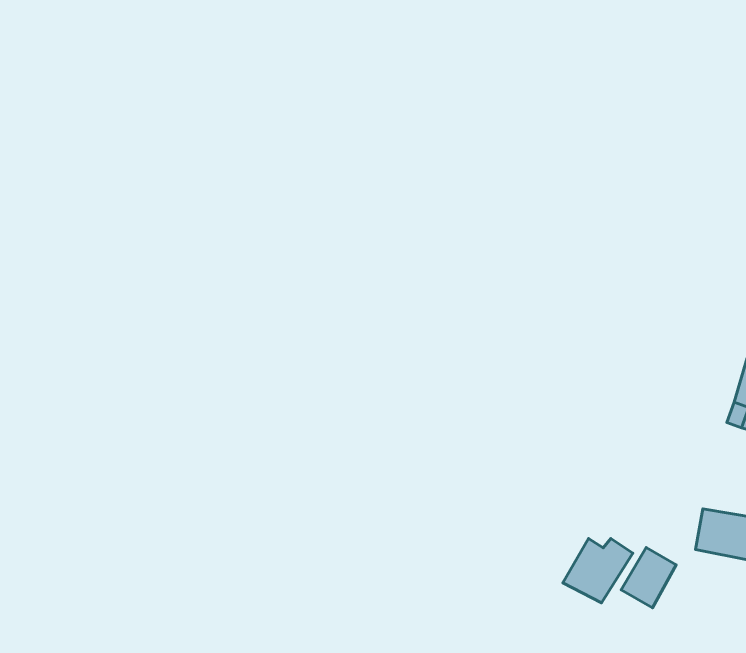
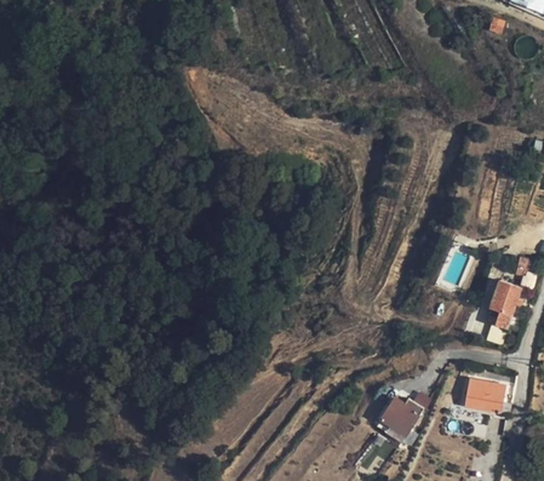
building: [621,548,676,608] -> none

